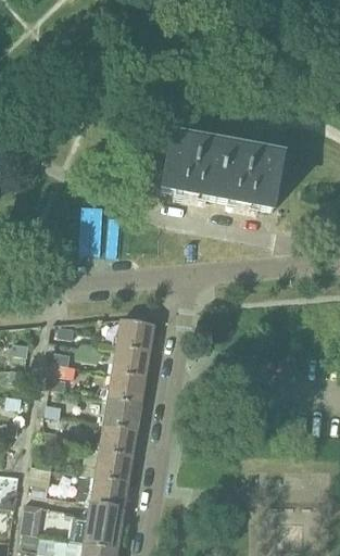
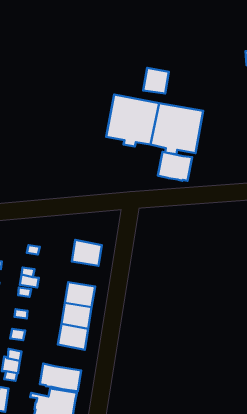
building: none -> [143,68,169,94]
building: none -> [158,152,192,181]
building: [112,343,150,375] -> none
building: [95,447,133,480] -> none

